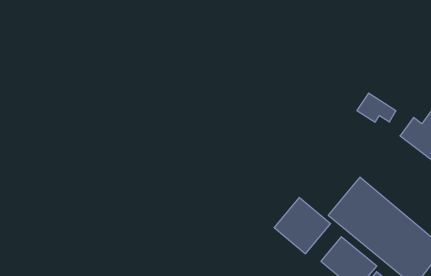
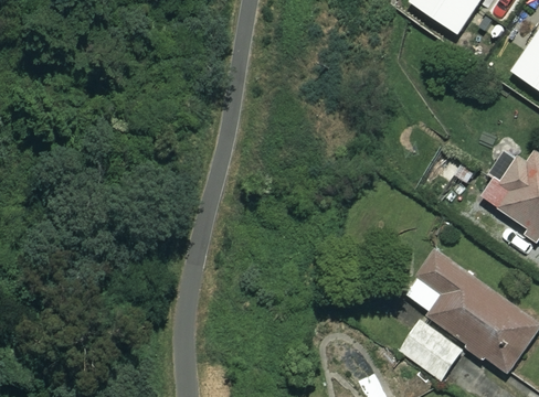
building: [274,197,331,254] -> none

